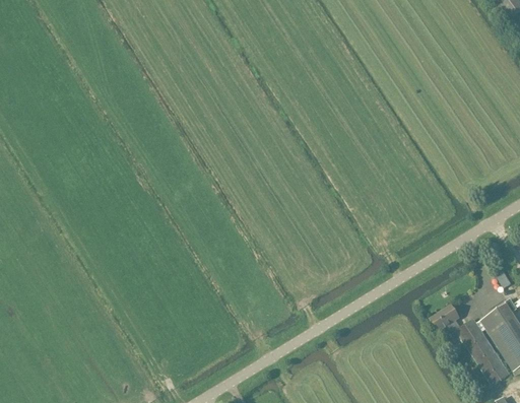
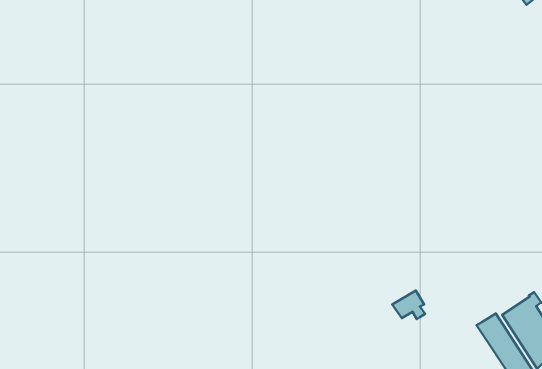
building: [429,304,460,331] -> [392,291,425,319]

